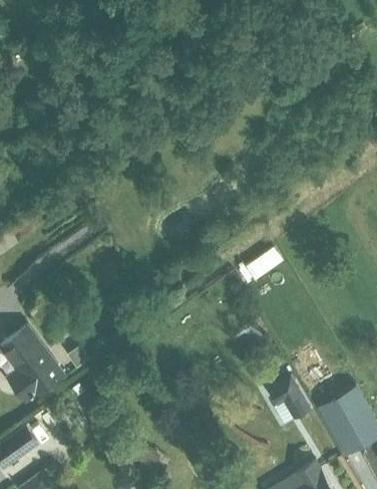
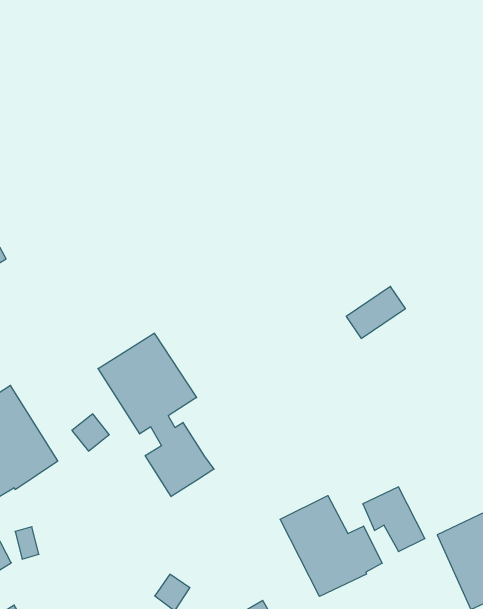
building: none -> [98,333,214,497]
building: none -> [280,496,382,596]

